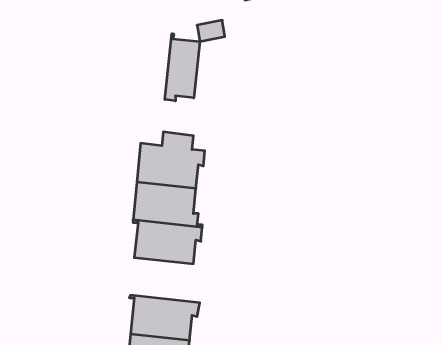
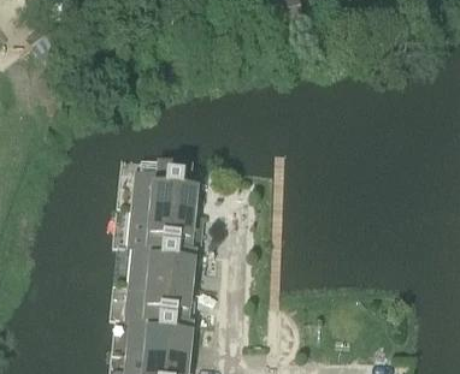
building: [165,34,200,101] -> none
building: none -> [132,273,199,316]

